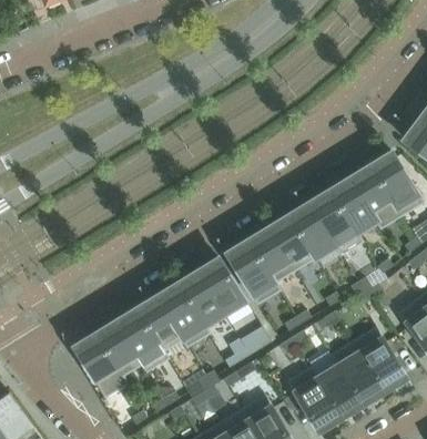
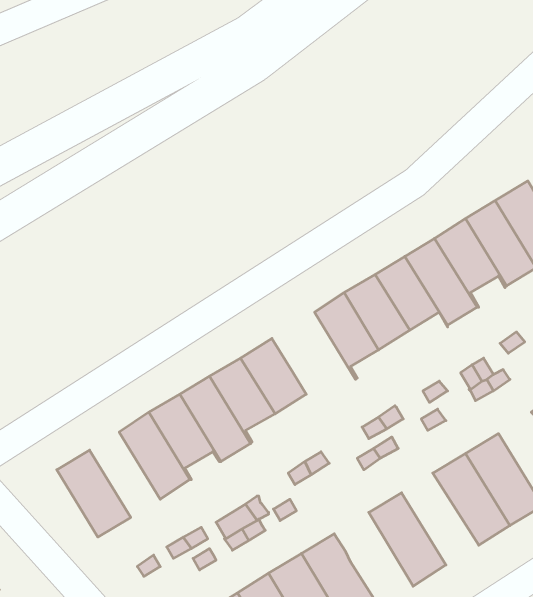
building: [227,245,277,304] -> none
building: [98,326,145,384] -> none
building: [308,354,360,416] -> none

